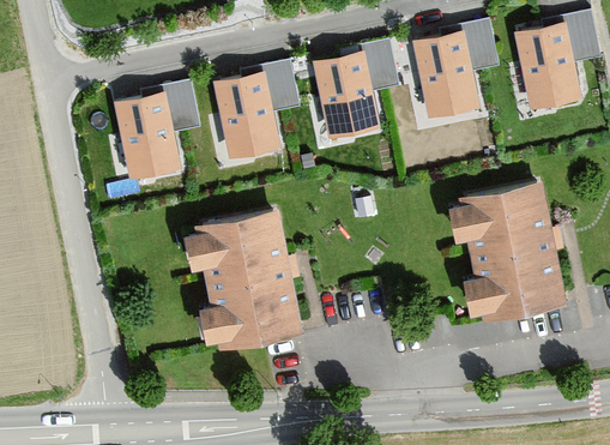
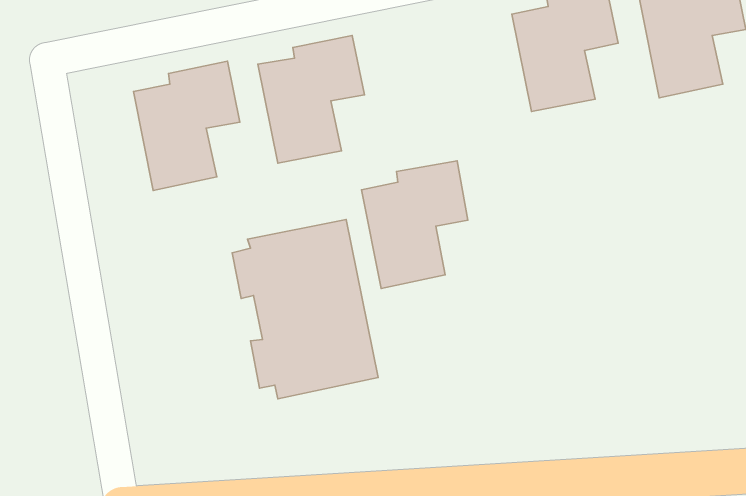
building: [312,41,395,142] -> [361,161,468,289]
building: [455,178,570,319] -> none

